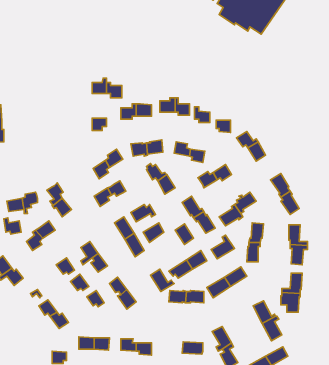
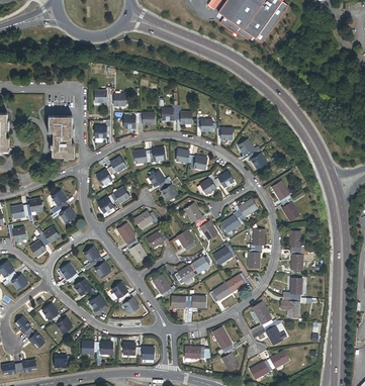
building: none -> [50,115,74,156]

